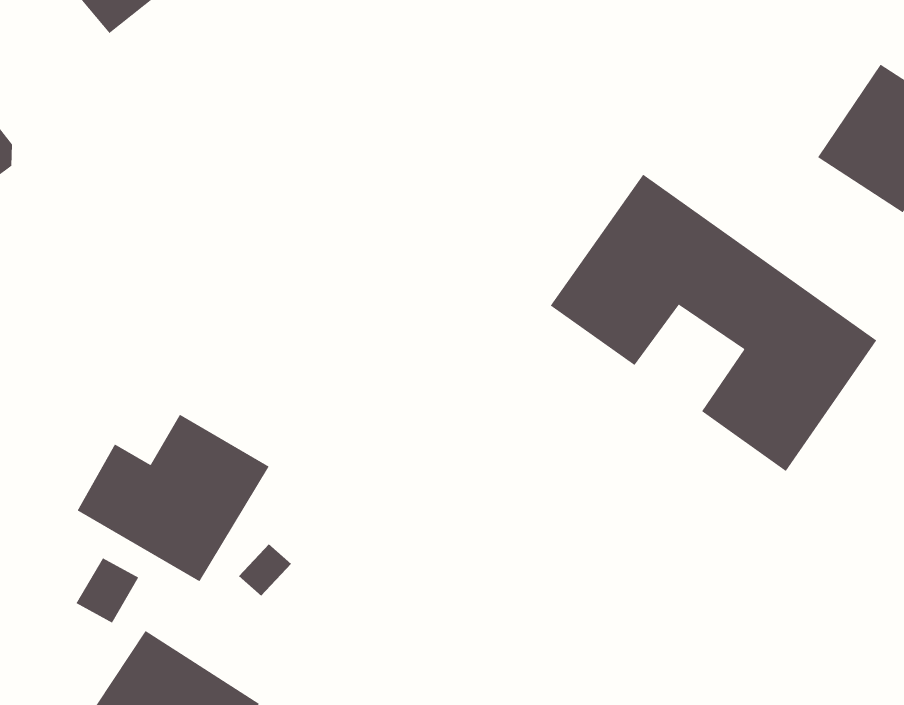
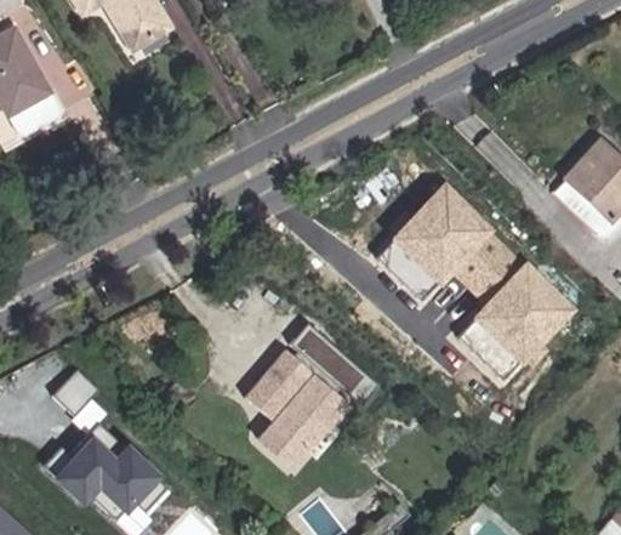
building: [77,414,269,582] -> none
building: none -> [233,330,360,477]

